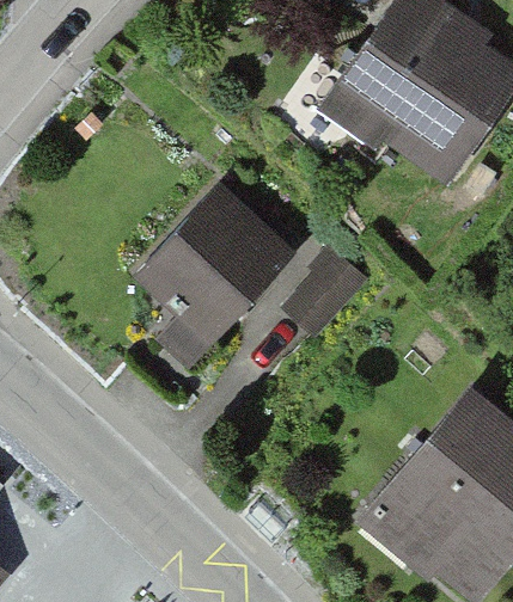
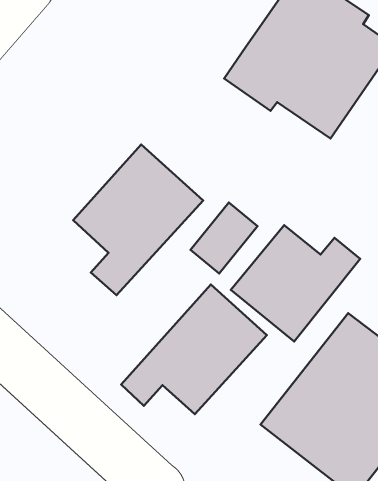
building: none -> [231,225,360,341]
building: none -> [121,284,267,414]

